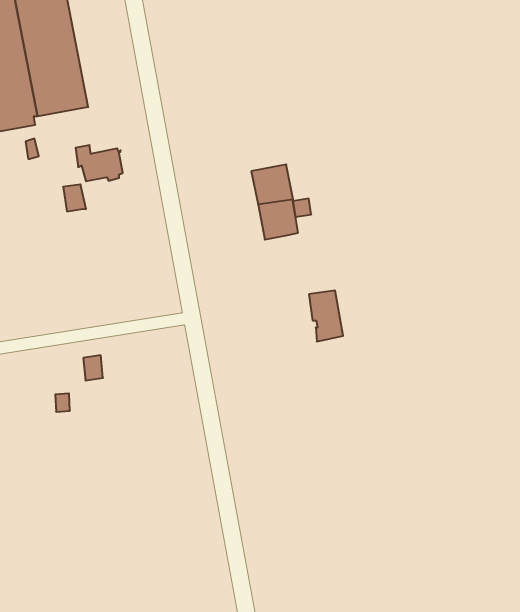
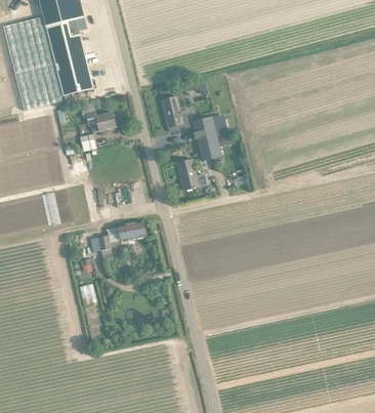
building: none -> [161,94,184,131]
building: [309,290,343,341] -> [176,159,198,190]
building: none -> [118,220,144,242]

